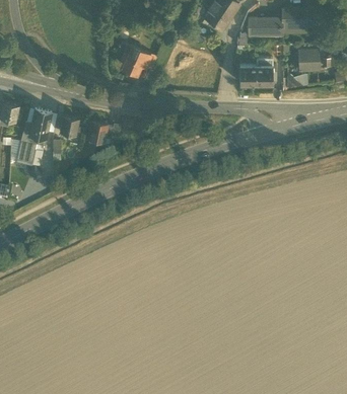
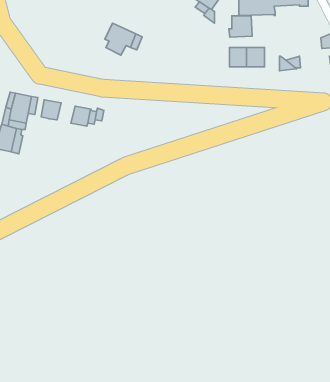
building: [295,51,318,71] -> [229,16,252,37]

